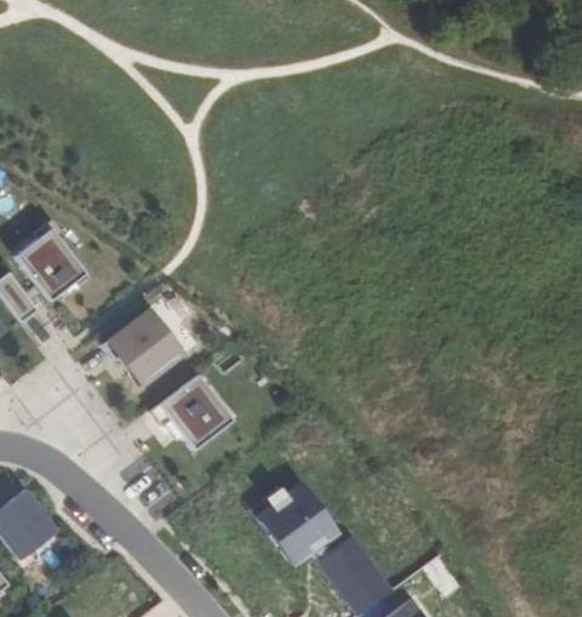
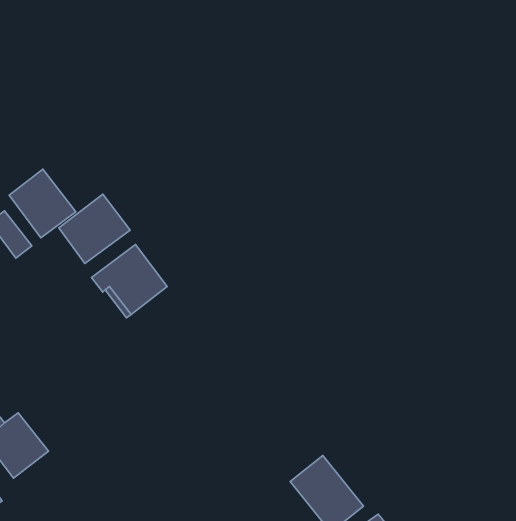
building: none -> [59,194,130,264]
building: [150,373,233,450] -> none
building: [256,481,336,564] -> none

